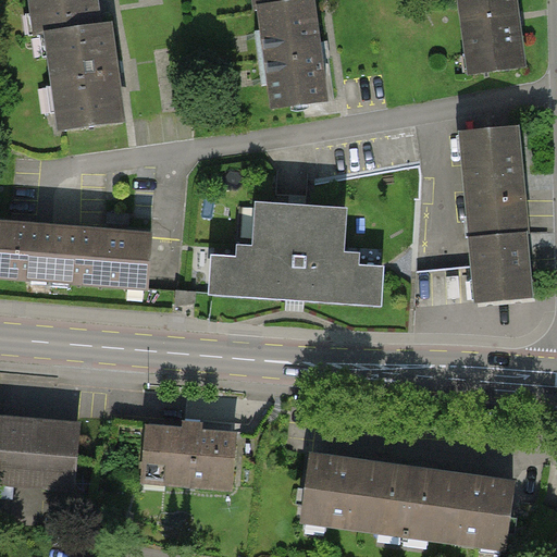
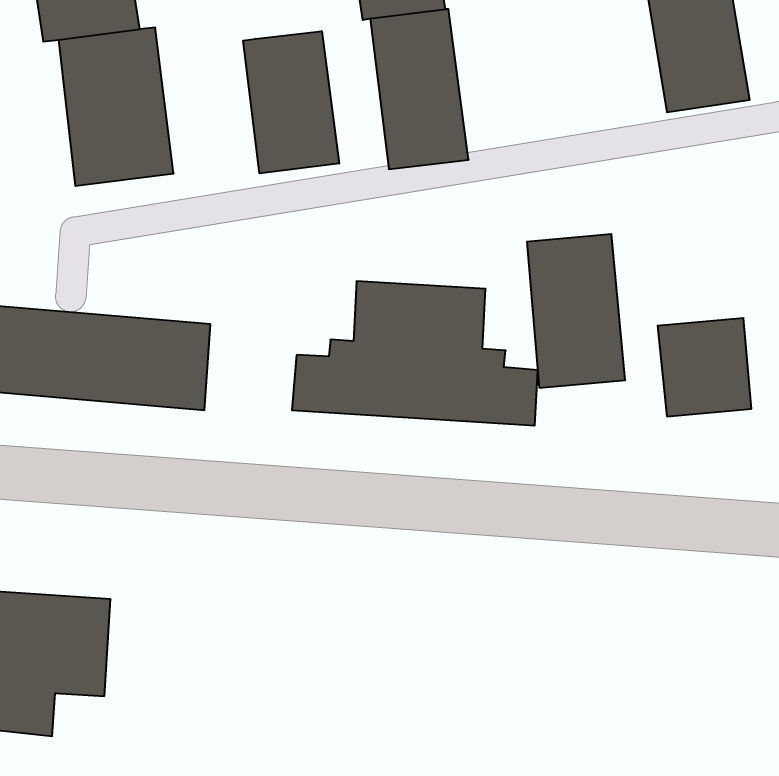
building: none -> [243,31,339,173]
building: [457,122,527,231] -> [527,234,625,388]
building: [146,429,239,492] -> none
building: [304,457,508,541] -> none

